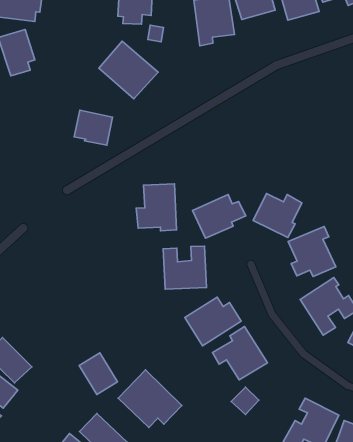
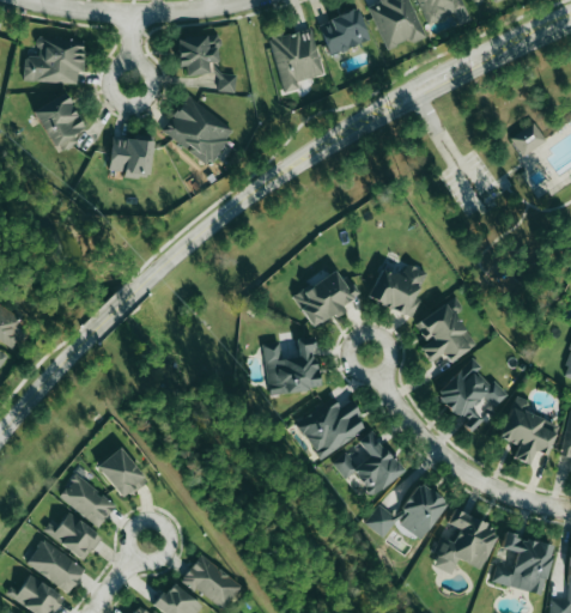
building: [74,110,112,145] -> [109,136,153,176]
building: [136,184,176,231] -> none
building: [79,353,118,395] -> [97,447,146,498]
building: [118,370,182,428] -> none
building: none -> [399,482,445,539]

